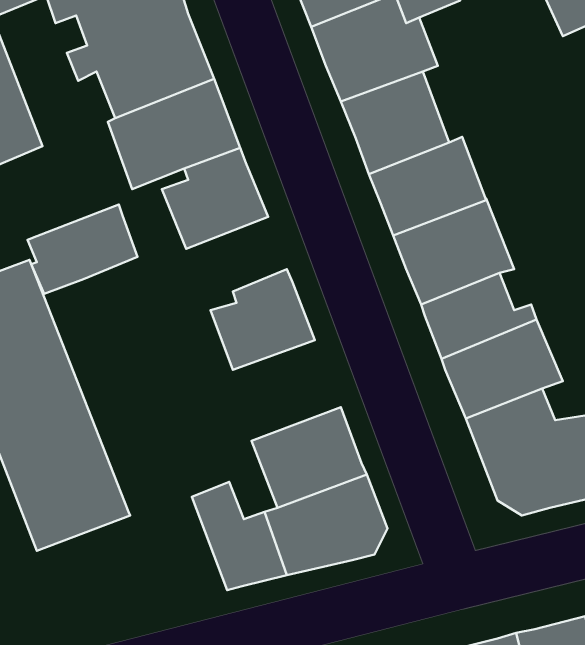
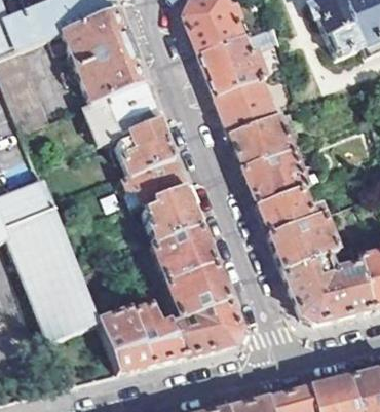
building: [27,204,137,294] -> [124,156,185,205]
building: none -> [152,224,215,279]
building: none -> [98,306,152,370]

